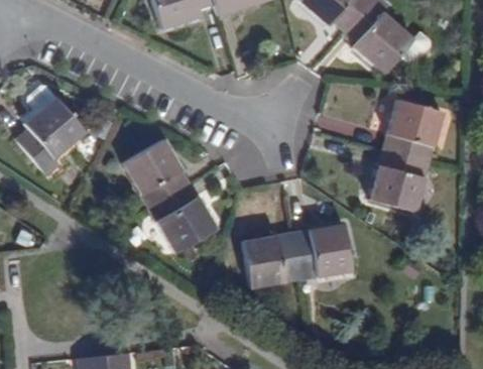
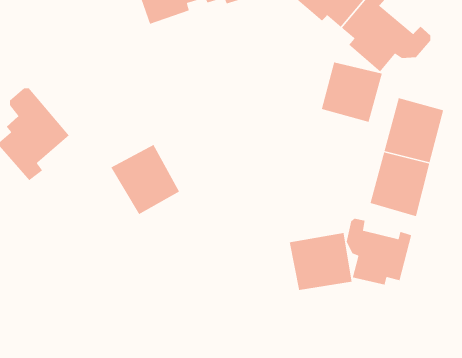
building: none -> [321,61,383,123]
building: [151,188,215,253] -> none
building: none -> [346,218,412,285]
building: [244,235,303,289] -> none

